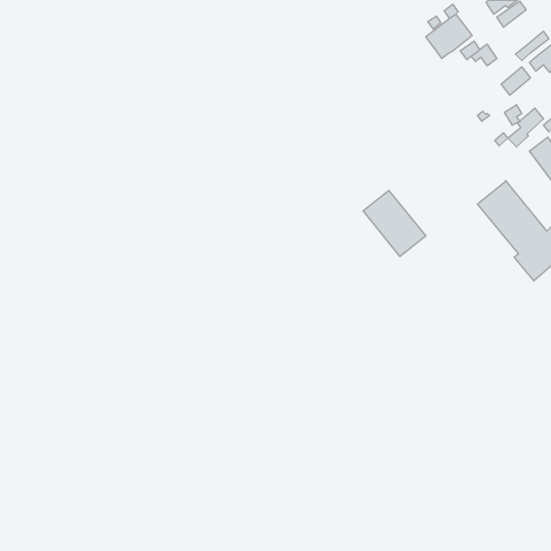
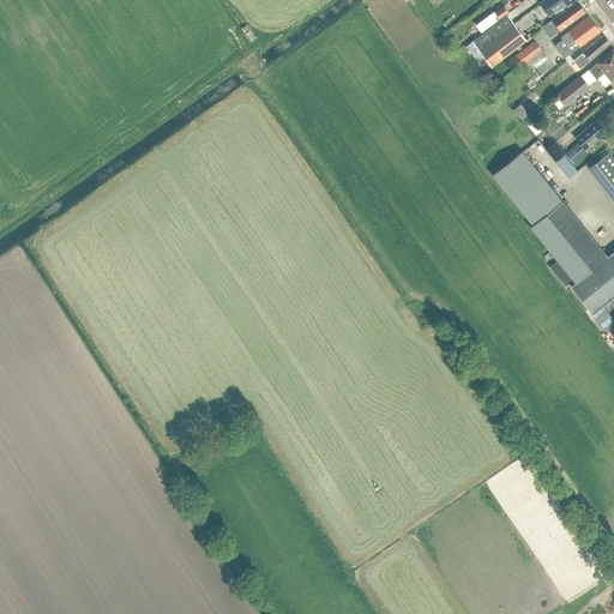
building: none -> [555,17,601,59]
building: [363,190,426,256] -> [493,152,562,225]

